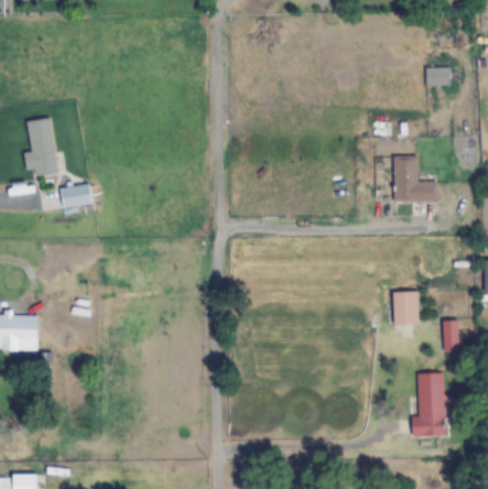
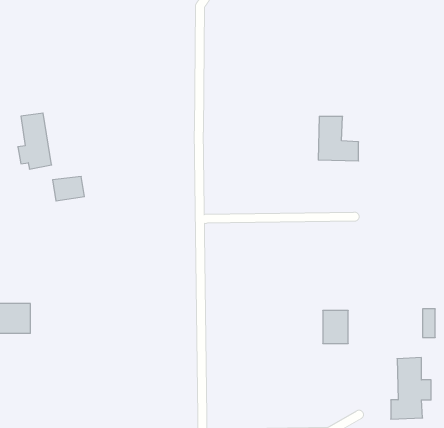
building: [426,67,451,86] -> none
building: [393,155,435,202] -> [318,116,359,161]
building: [393,292,420,326] -> [323,311,348,343]

